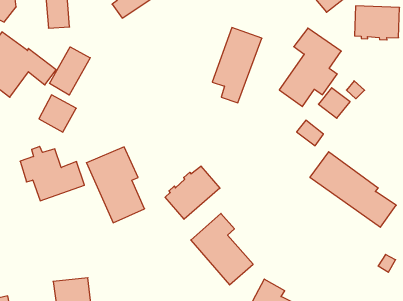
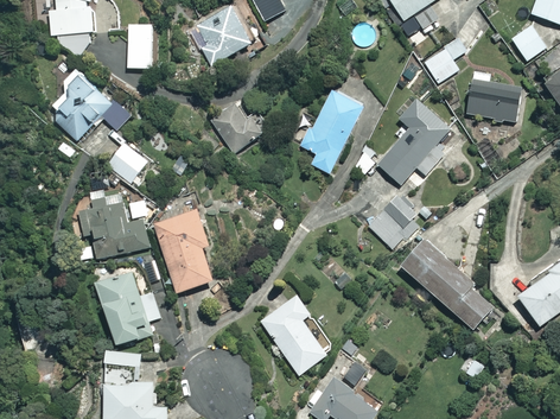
building: [50,47,90,95] -> none
building: none -> [211,102,269,153]
building: [318,88,350,118] -> [374,212,409,247]
building: [165,166,220,219] -> none
building: none -> [96,271,160,344]

